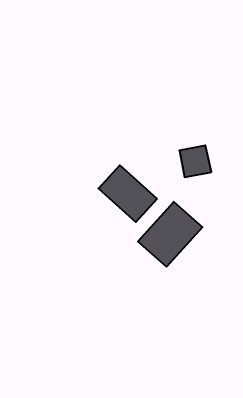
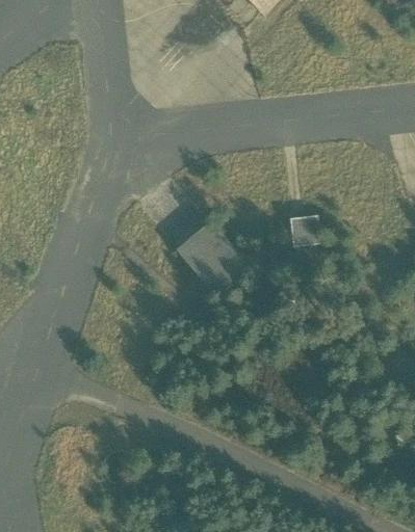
building: [138,202,202,267] -> none

